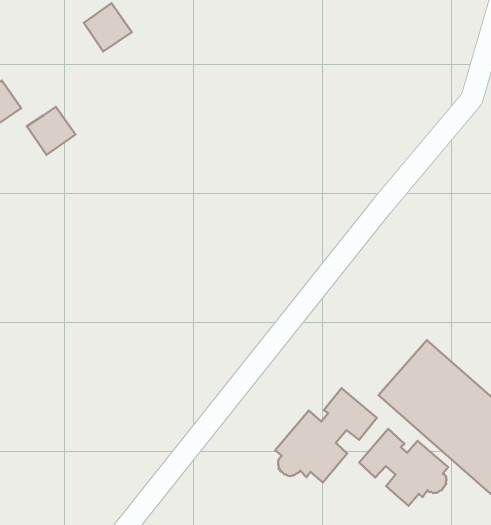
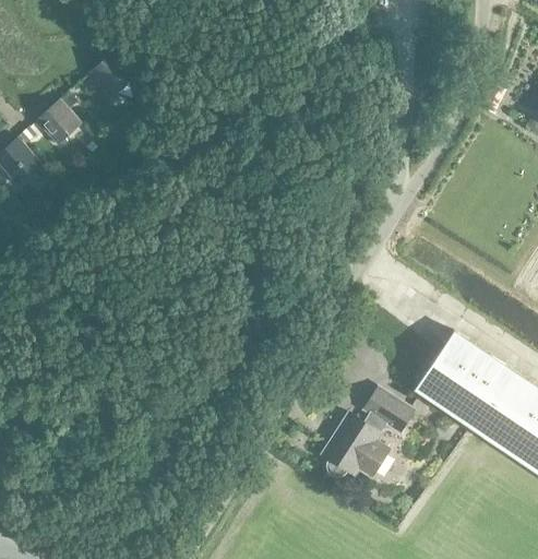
building: [27,107,75,155] -> [36,97,83,144]
building: [359,429,448,506] -> none

